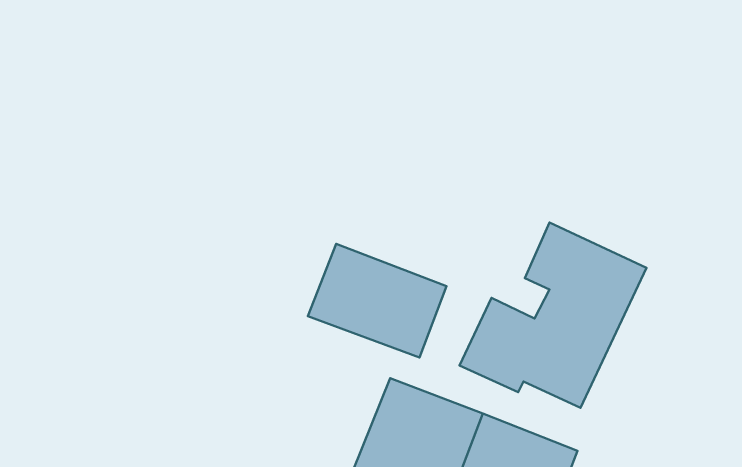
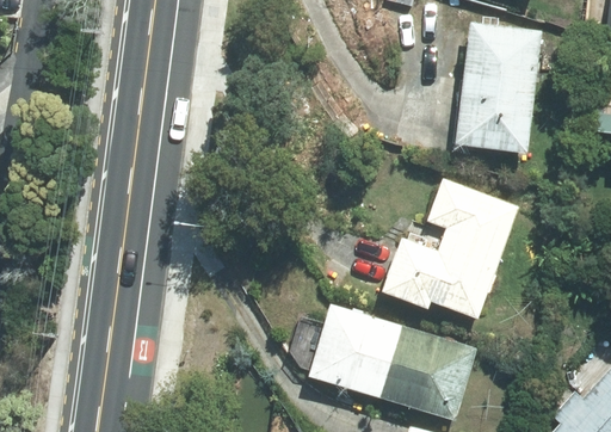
building: none -> [456,23,542,152]
building: [308,244,447,358] -> none

